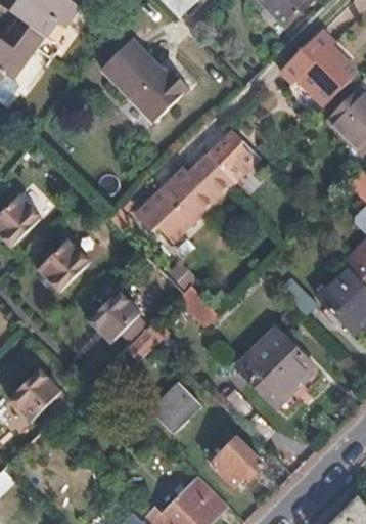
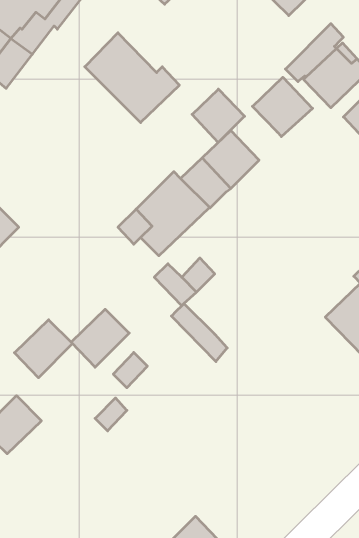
building: none -> [252,77,313,137]
building: none -> [192,89,245,143]
building: [38,239,90,292] -> [14,320,73,378]
building: [236,328,312,403] -> none
building: [150,384,199,433] -> none
building: [208,432,259,478] -> none

